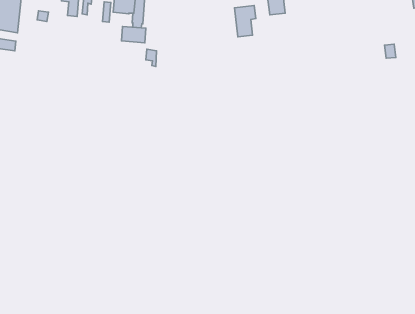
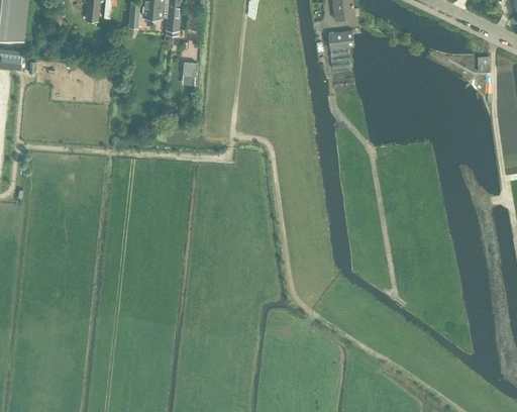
building: [234,6,256,37] -> [328,31,354,70]
building: [121,26,146,43] -> none

